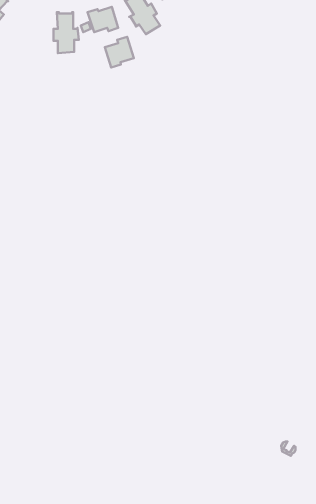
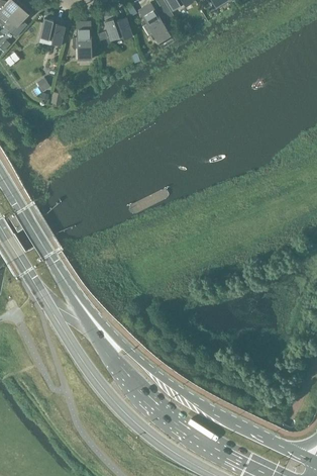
building: none -> [36,19,62,46]
building: [105,37,134,68] -> none

